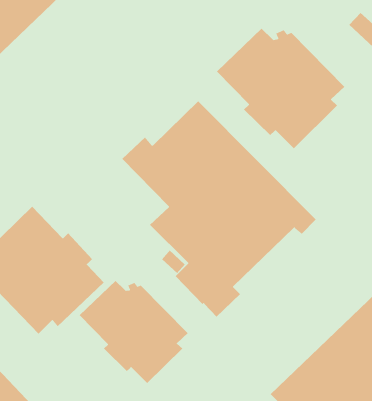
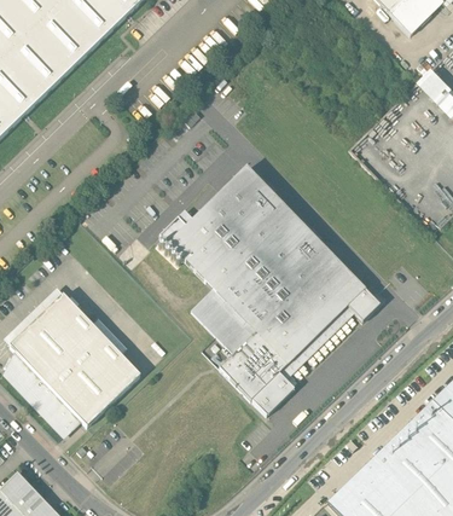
building: [216,28,345,149] -> none
building: [79,280,188,384] -> none

